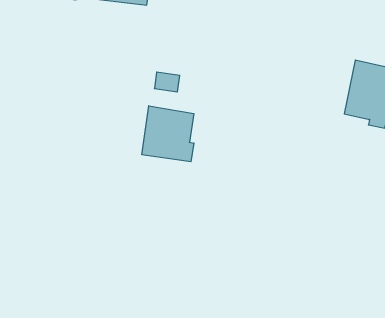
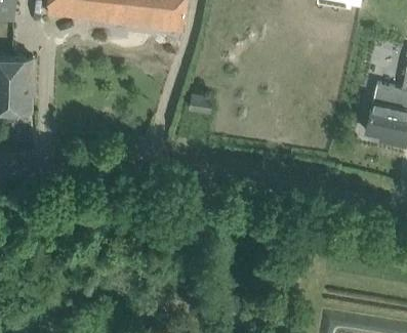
building: [142,106,194,162] -> none

